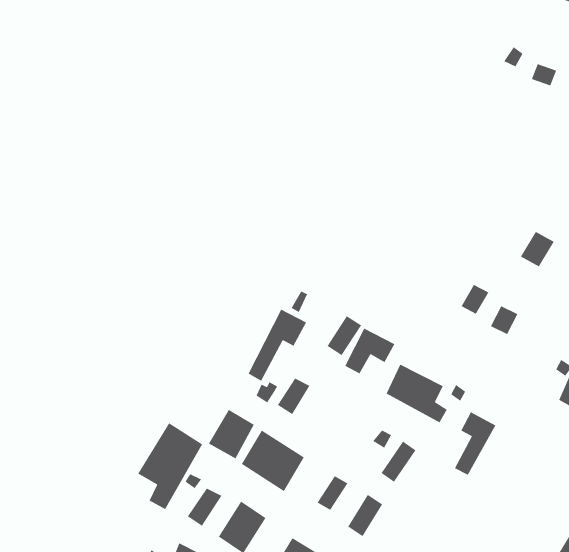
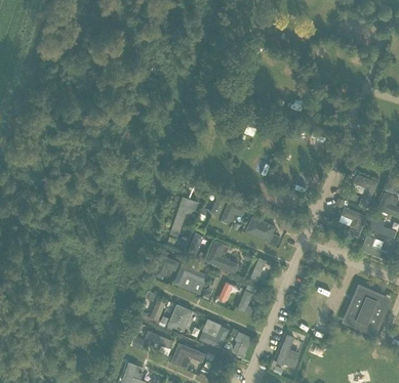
building: none -> [205,240,239,273]
building: [454,411,496,476] -> none
building: [137,422,203,510] -> none

